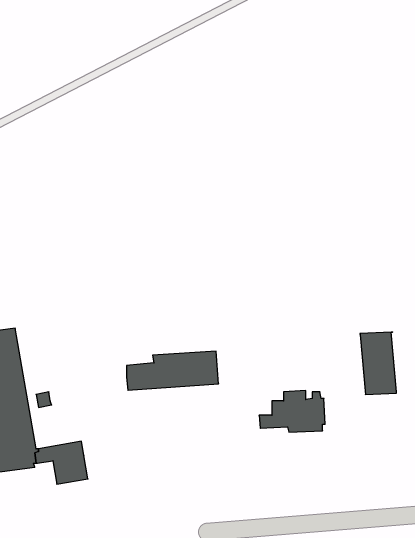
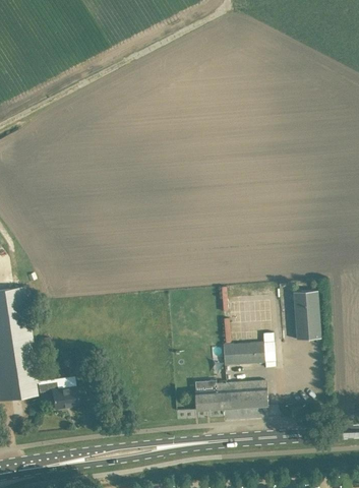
building: [127,351,219,390] -> [196,380,268,411]

